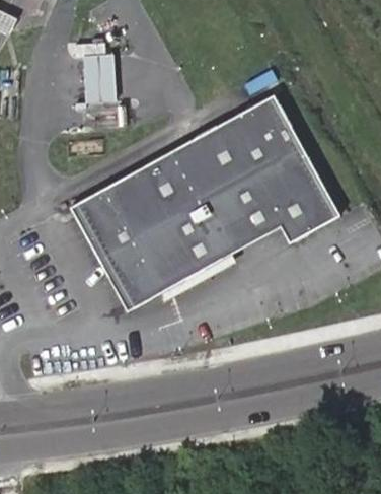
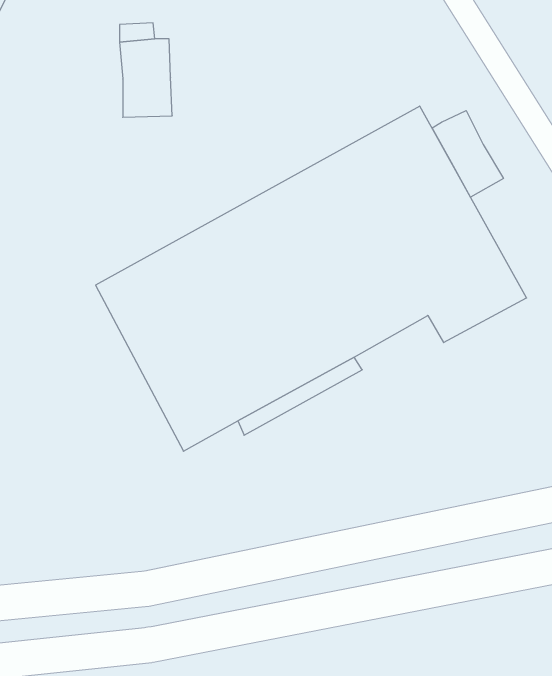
building: none -> [432,111,503,197]

